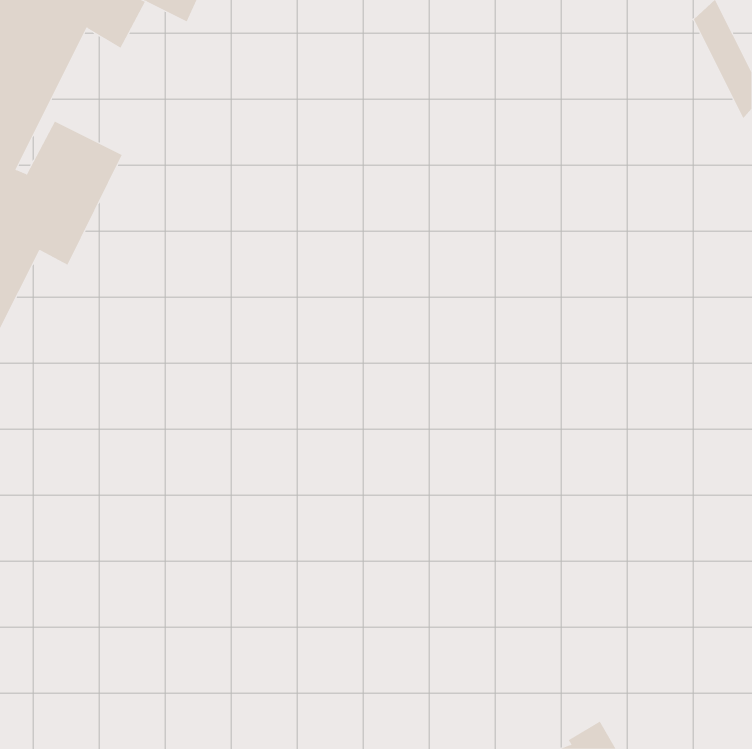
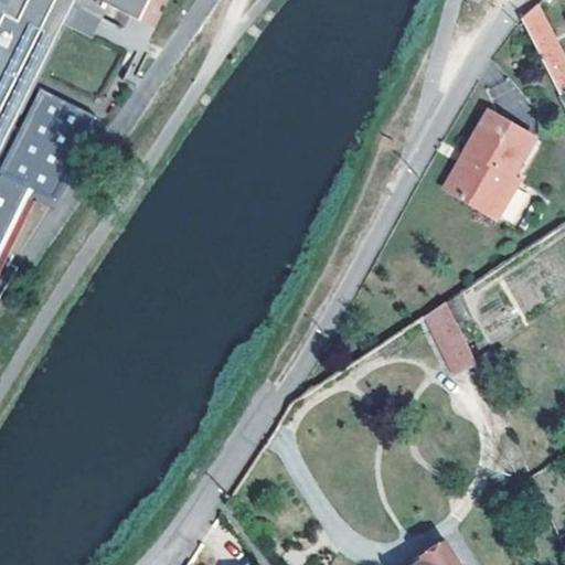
building: none -> [440,105,539,217]
building: none -> [419,297,473,373]

